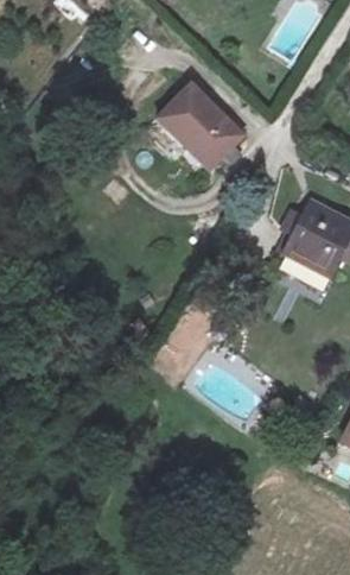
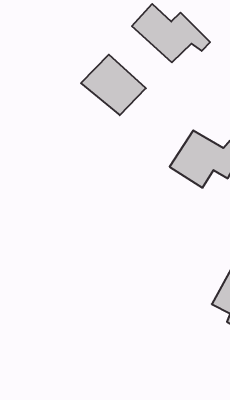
building: none -> [132,4,210,62]

